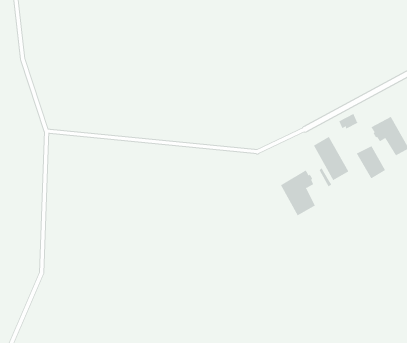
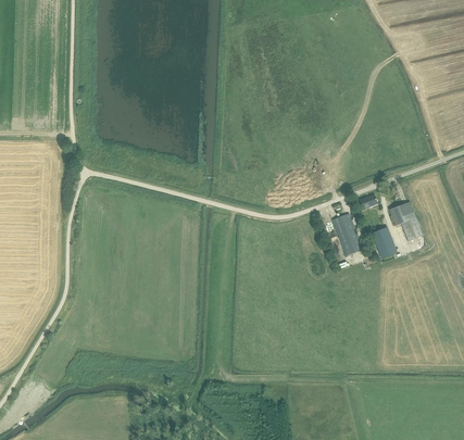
building: [280,169,316,216] -> none

